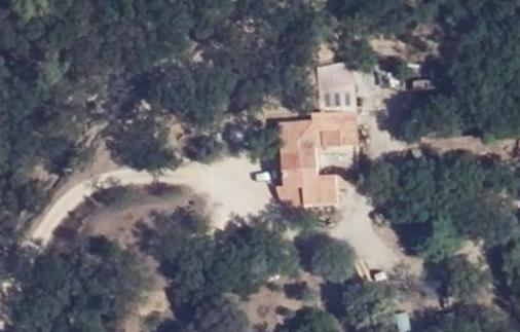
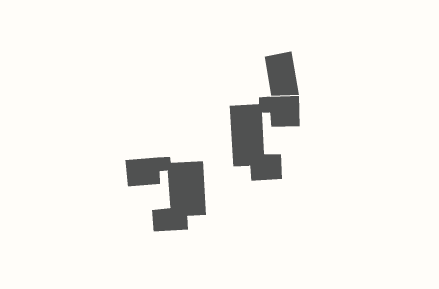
building: none -> [125,156,206,232]

